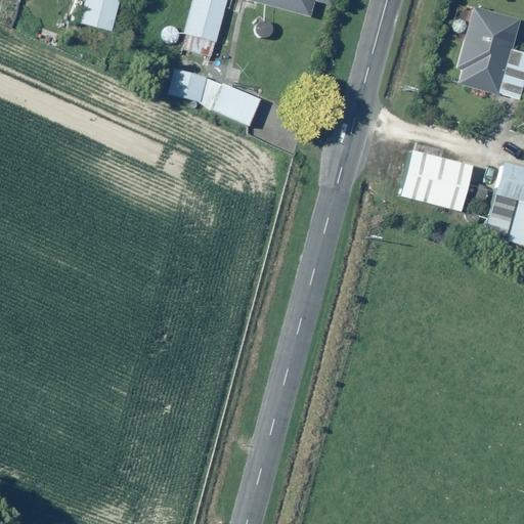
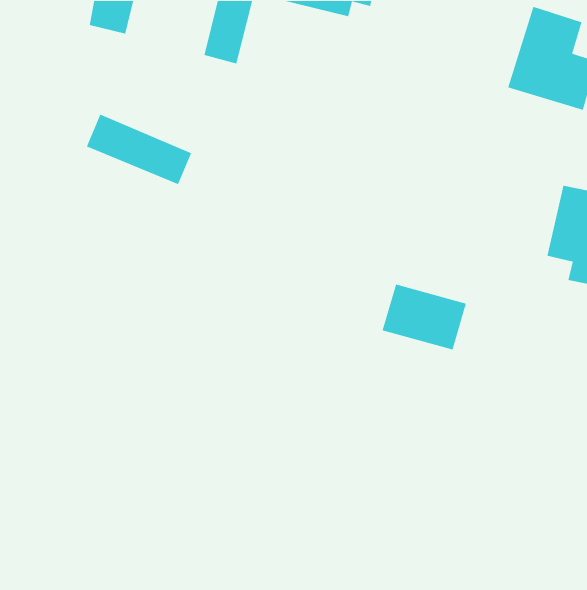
building: [169,62,263,126] -> [86,113,192,185]
building: [396,151,472,211] -> [381,284,467,350]

